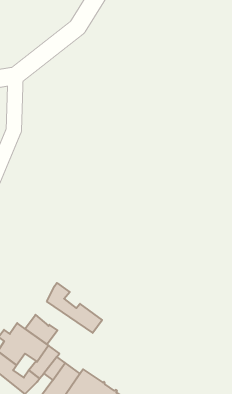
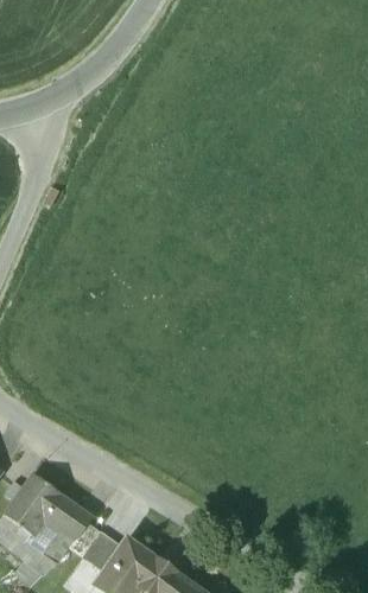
building: [47,283,102,333] -> none
building: [25,315,57,344] -> none

